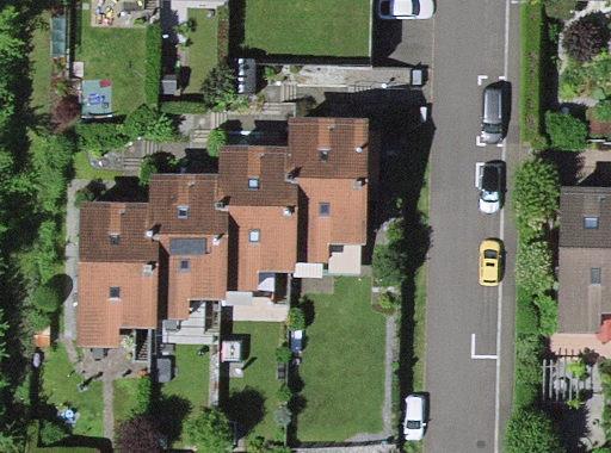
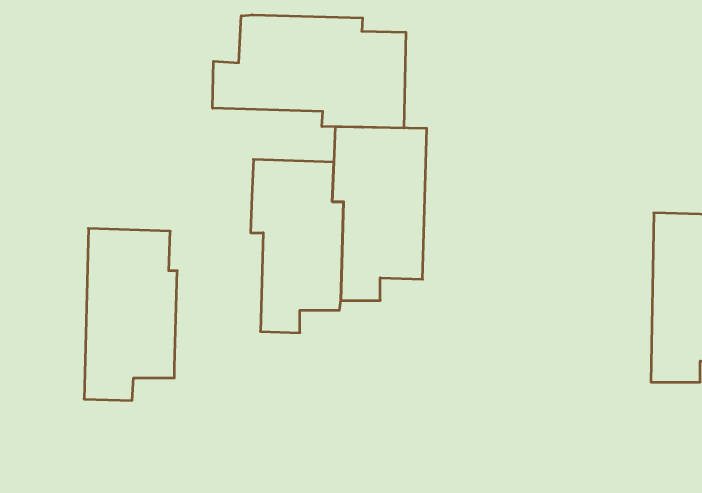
building: none -> [213,15,406,128]
building: [149,173,229,321] -> none

